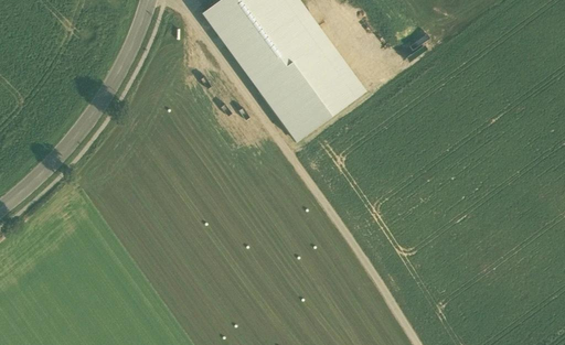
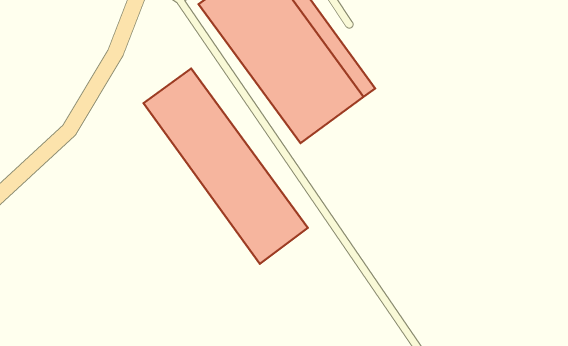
building: none -> [143,69,308,264]

